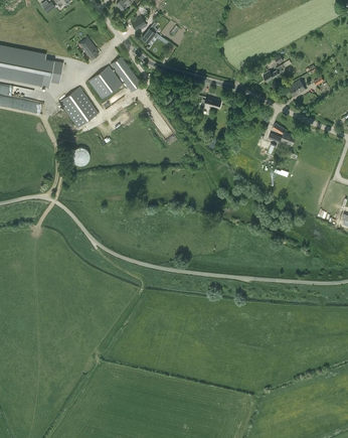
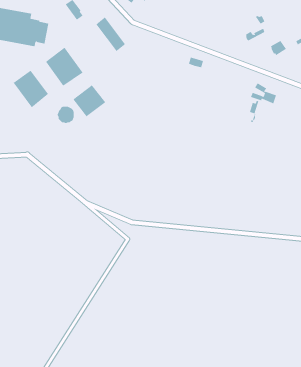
building: [89,66,123,100] -> [72,85,106,117]
building: none -> [13,70,49,108]

